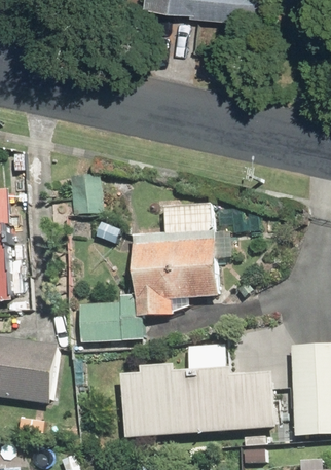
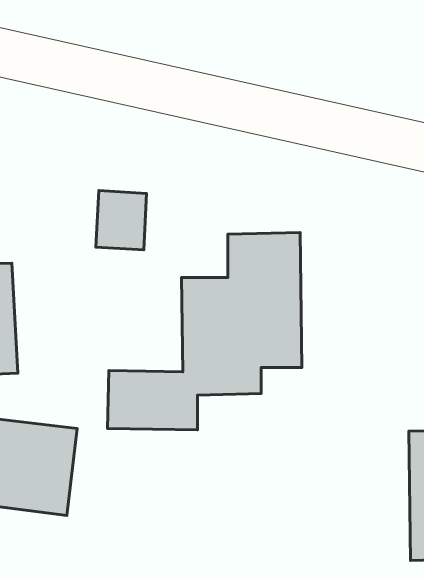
building: [119,365,277,437] -> none

